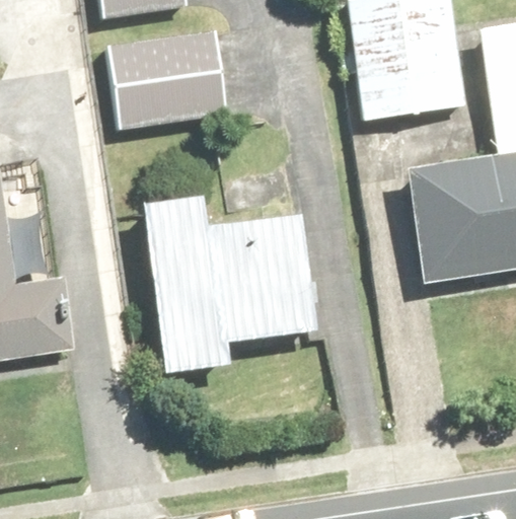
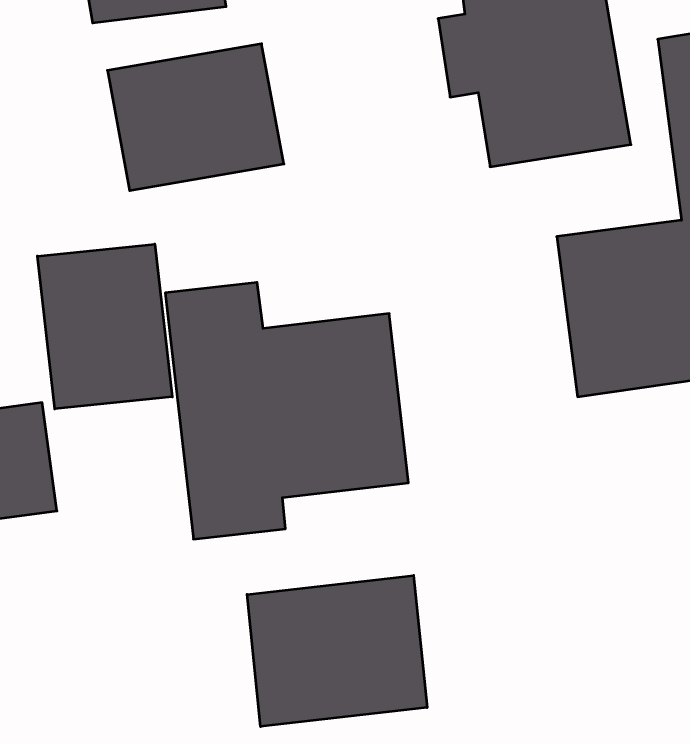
building: none -> [37,244,172,409]
building: none -> [247,575,427,727]

